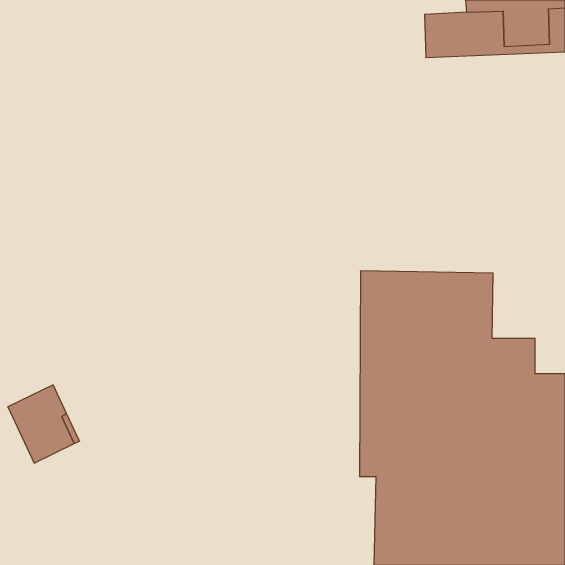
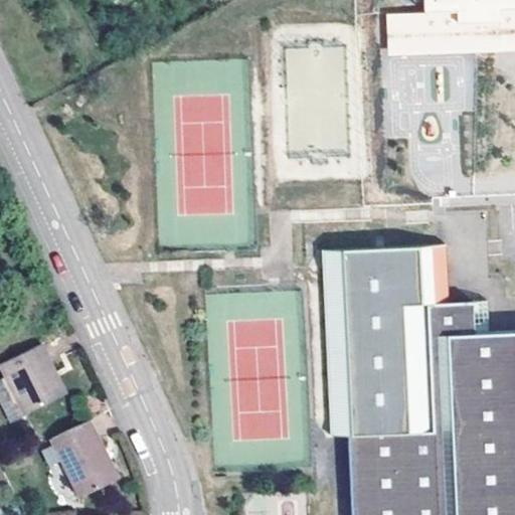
building: none -> [51,431,111,506]

